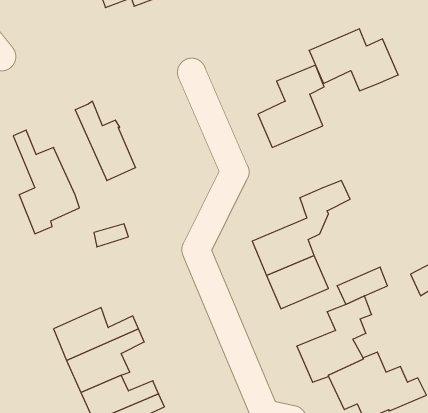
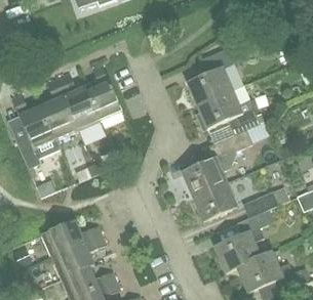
building: [309,29,398,91] -> [197,90,261,134]
building: none -> [87,65,122,120]
building: none -> [41,79,79,139]

